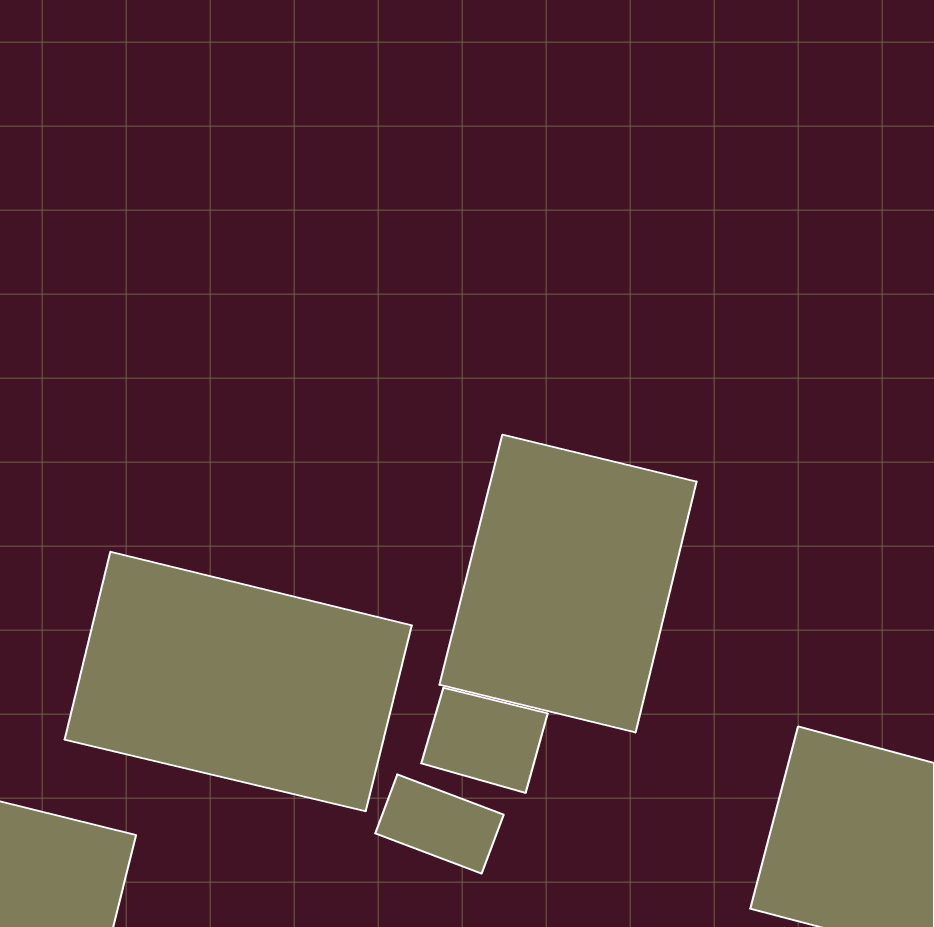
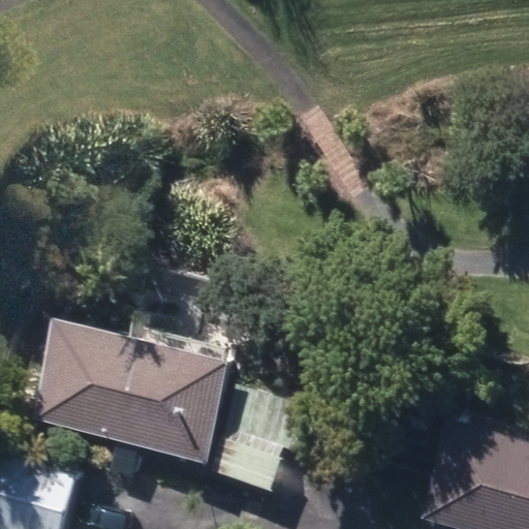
building: [439,435,697,733] -> none

